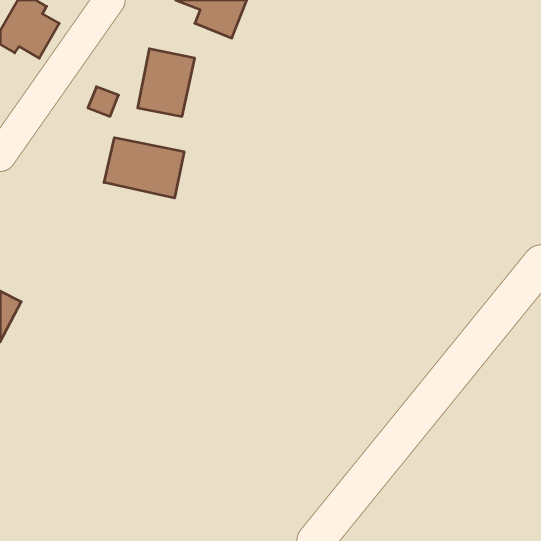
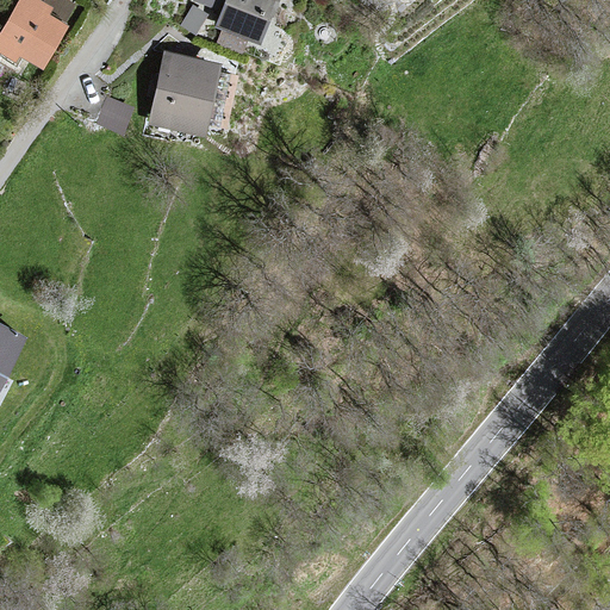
building: [104,138,184,198] -> none

